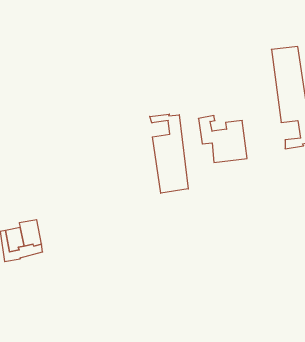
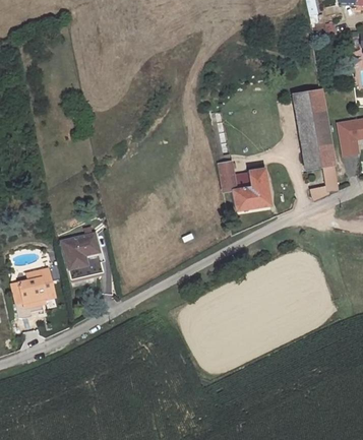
building: [150,114,188,193] -> none
building: none -> [62,234,106,278]

